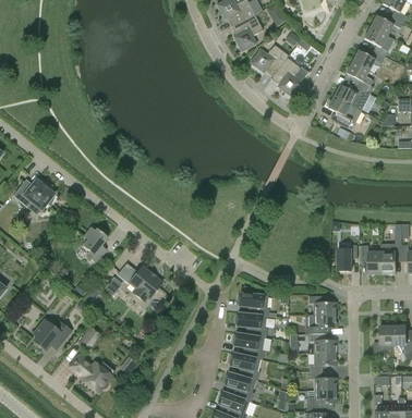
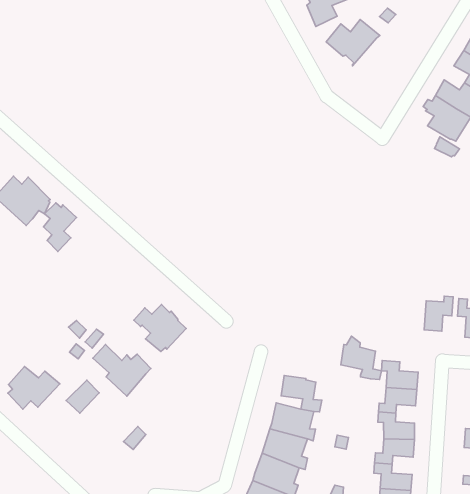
building: [270,57,307,96] -> none
building: [83,226,107,262] -> [44,203,77,251]
building: [238,284,268,315] -> [341,336,381,380]
building: [70,355,113,392] -> [93,345,151,396]

